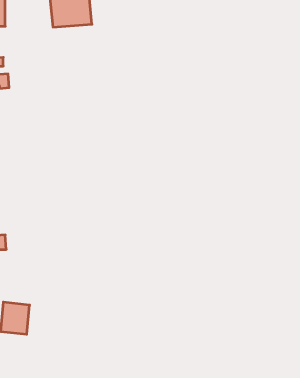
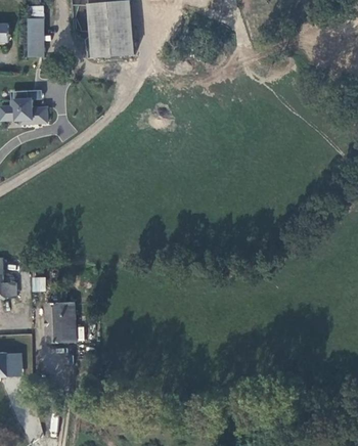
building: none -> [45,302,75,343]

